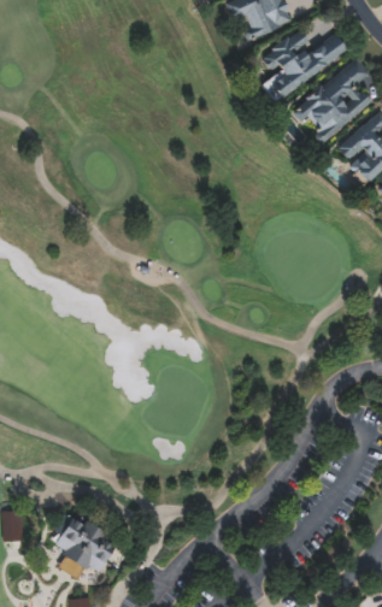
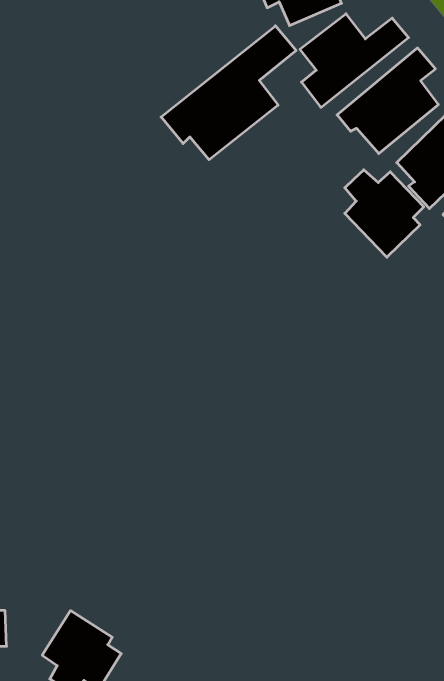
building: none -> [161,26,296,160]
building: none -> [345,170,424,257]

